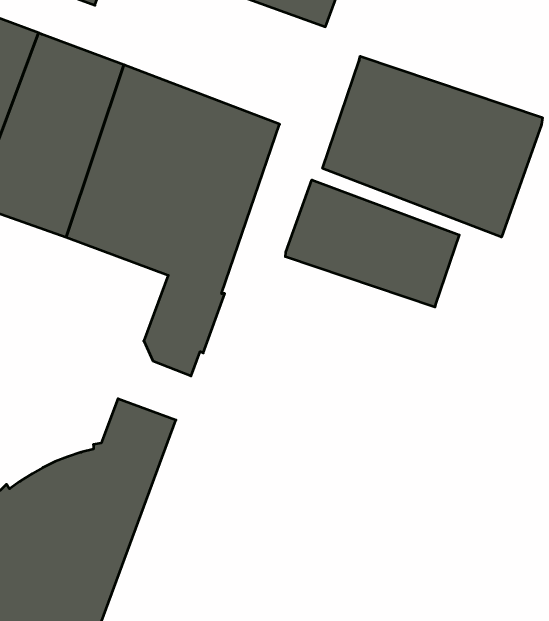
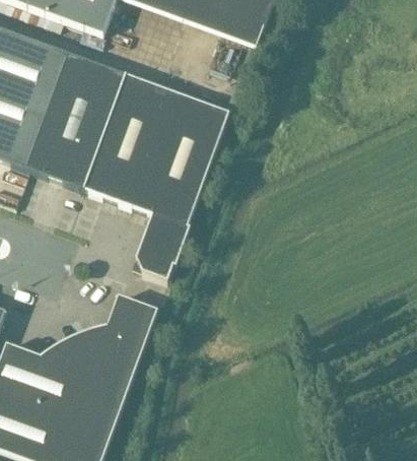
building: [323,56,542,237] -> none
building: [285,180,459,307] -> none

